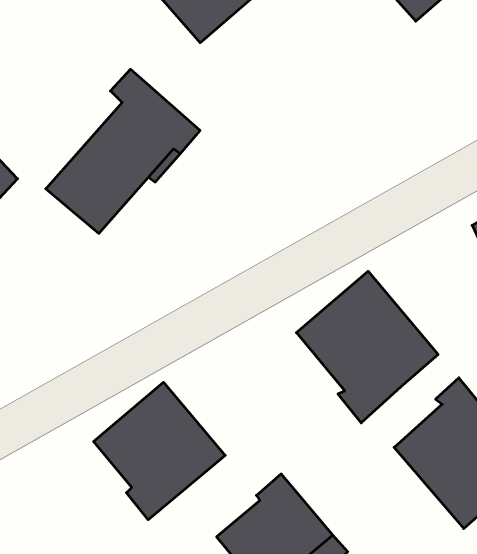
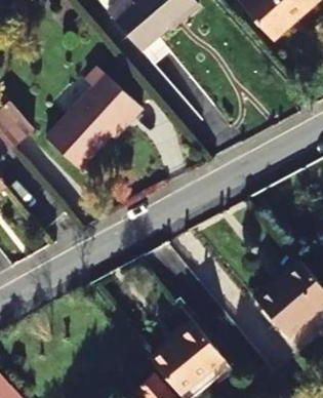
building: [296,271,438,423] -> none
building: [94,382,225,520] -> none

